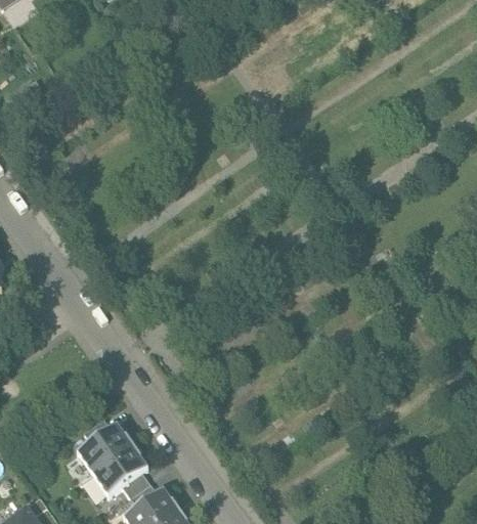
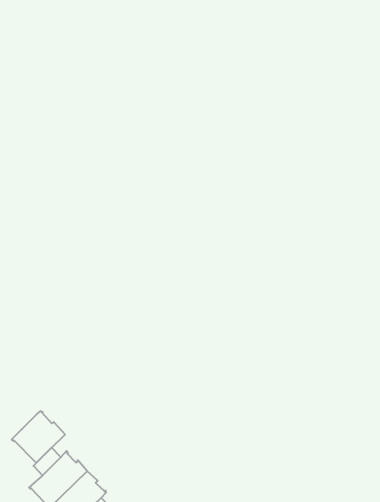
building: none -> [12,411,65,463]

